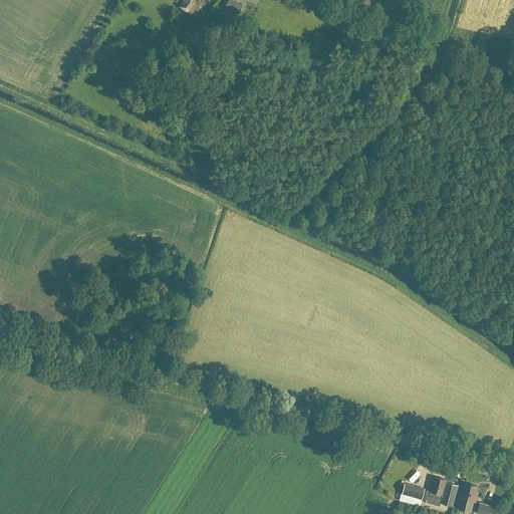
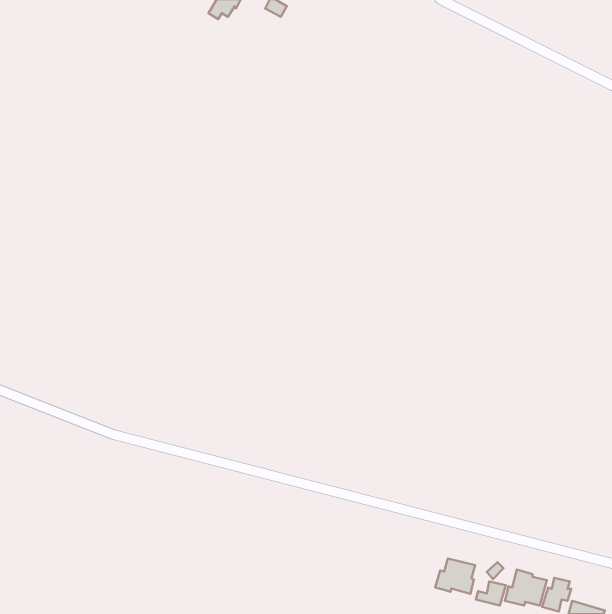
building: none -> [435,558,475,594]

